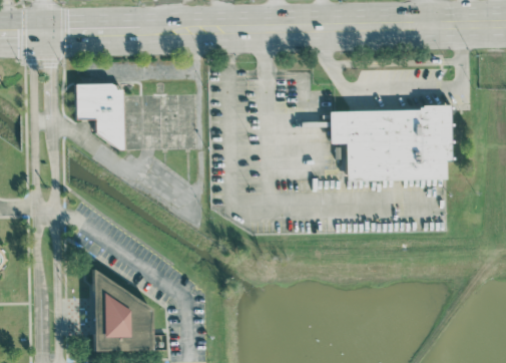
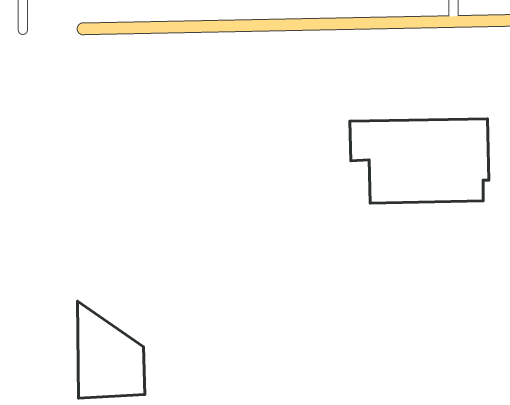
building: [75,85,122,152] -> none

